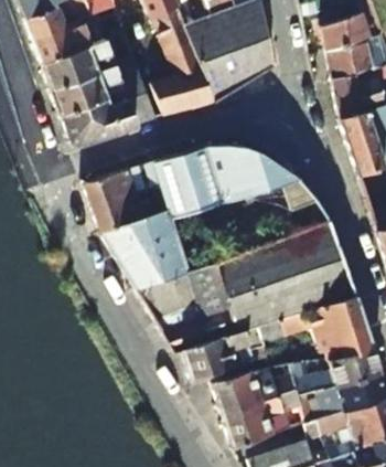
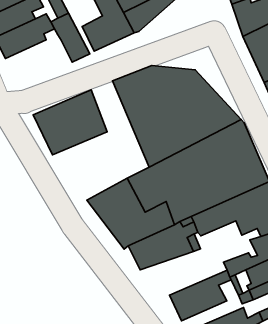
building: [57,96,136,145] -> none
building: [100,153,213,291] -> none
building: [211,369,291,415] -> none

